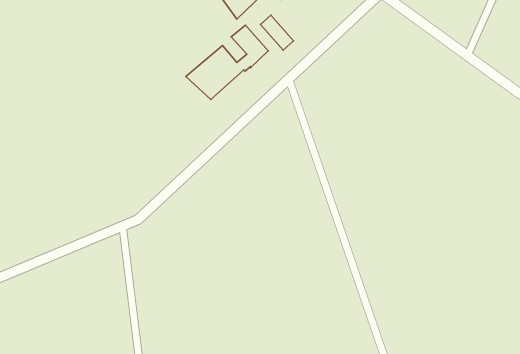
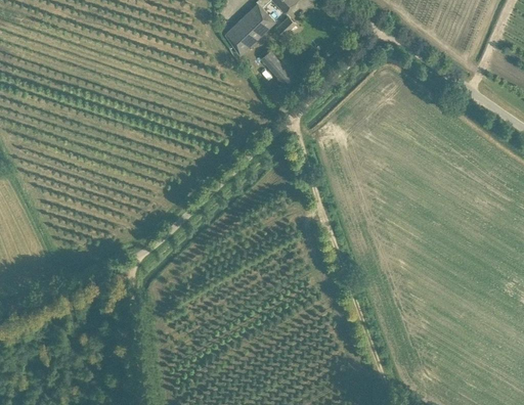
building: [186,25,268,99] -> none

